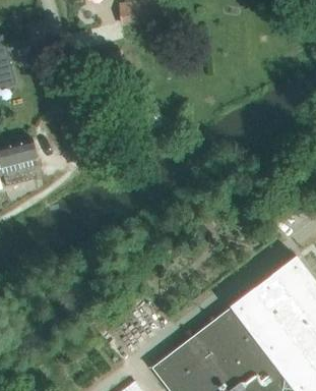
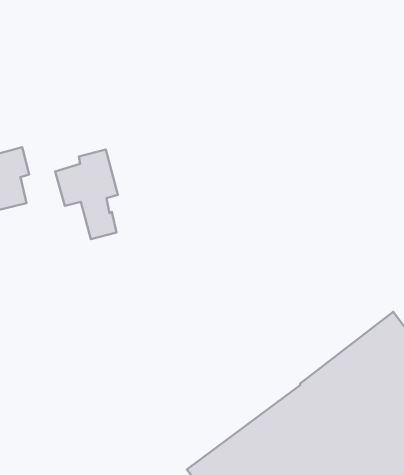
building: none -> [55,149,118,239]

